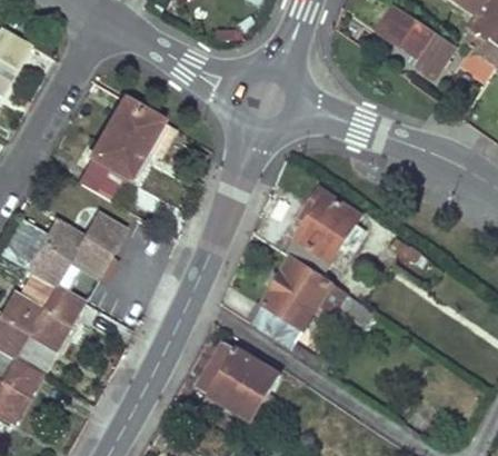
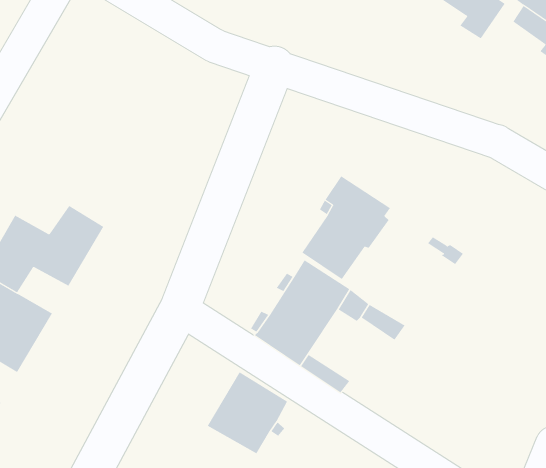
building: [76,100,159,202] -> none

